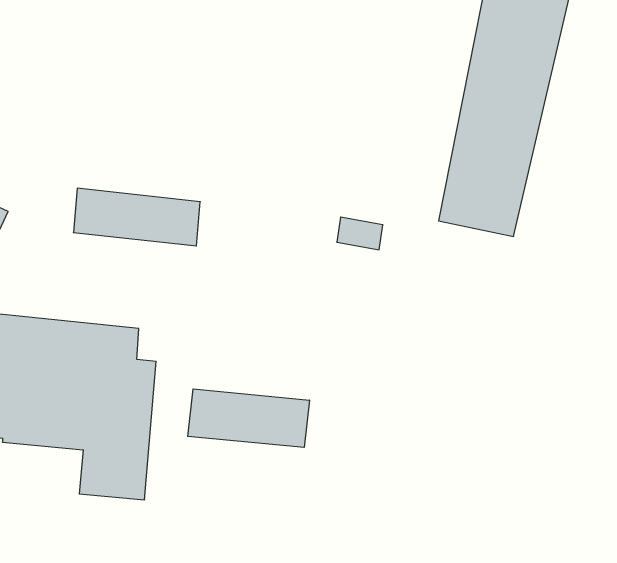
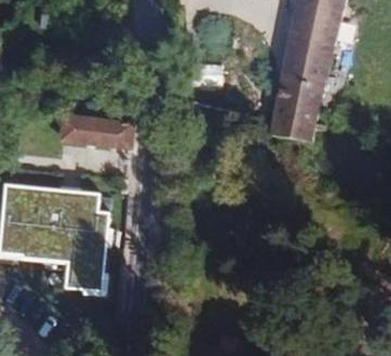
building: [188,389,309,447] -> none

